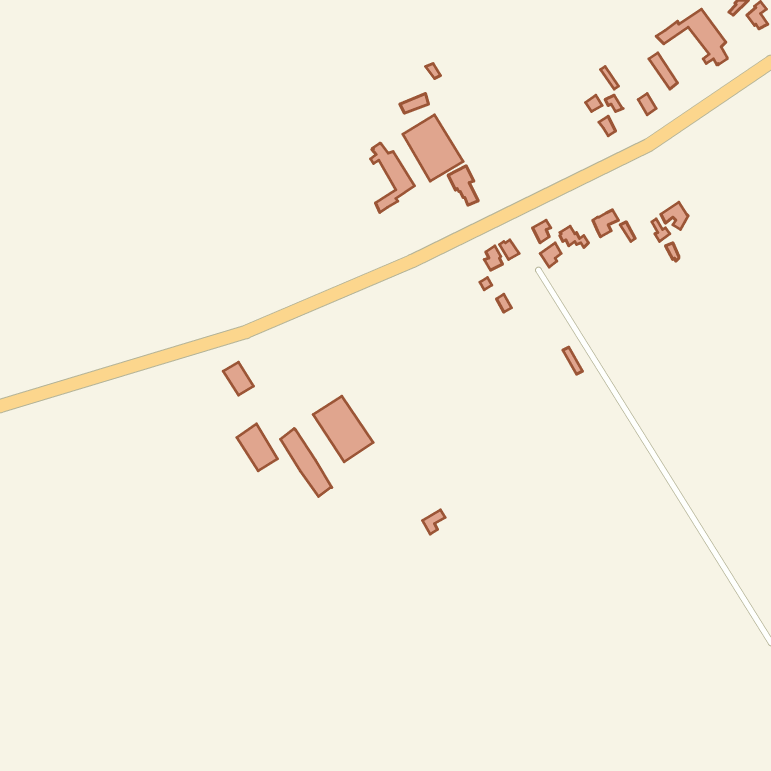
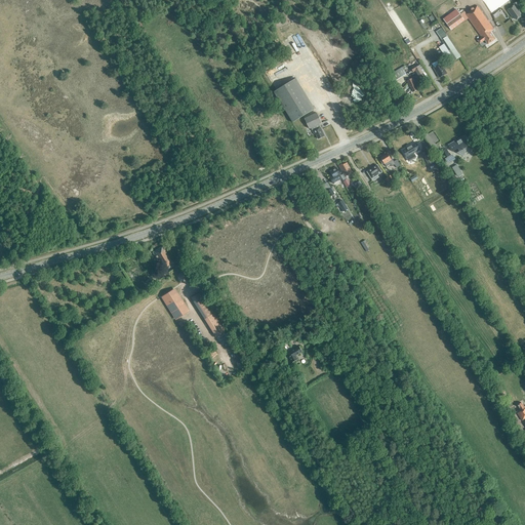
building: [370,143,414,213] -> none
building: [313,396,373,462] -> none

